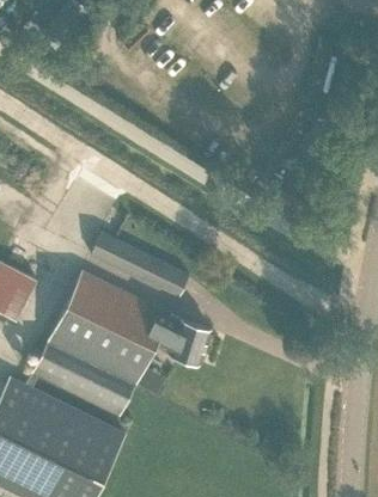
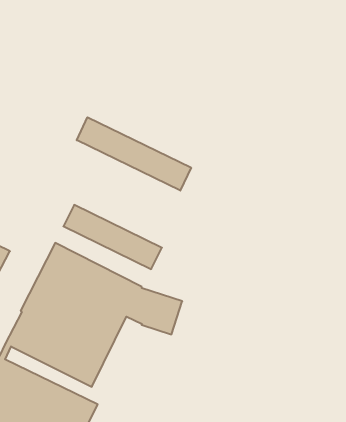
building: none -> [77,117,191,191]

